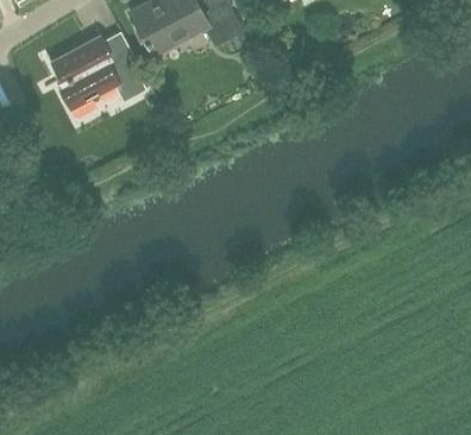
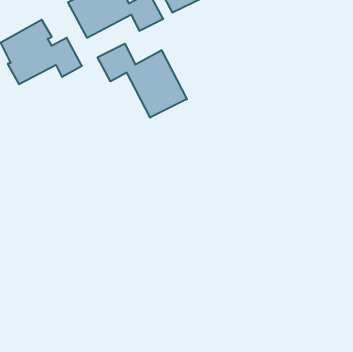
building: none -> [98,44,187,118]

